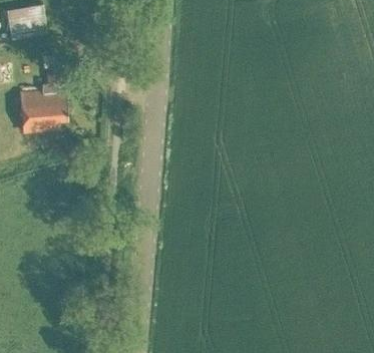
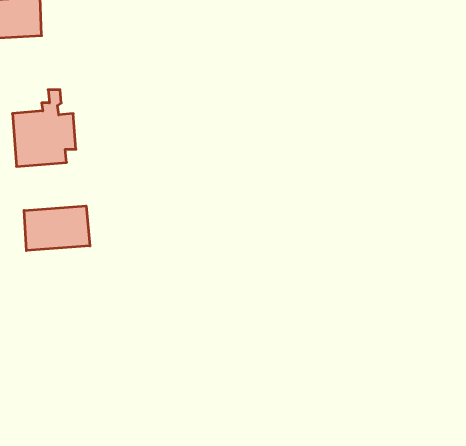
building: none -> [24,206,90,251]

